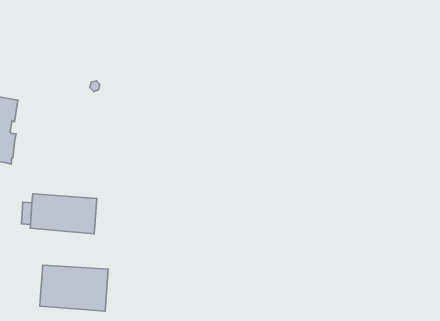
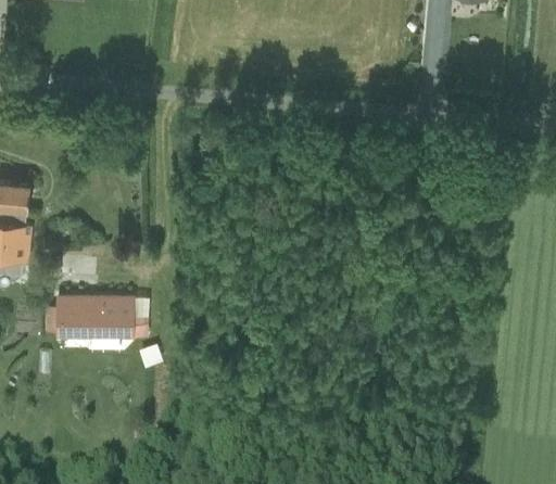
building: [40,265,108,311] -> none

